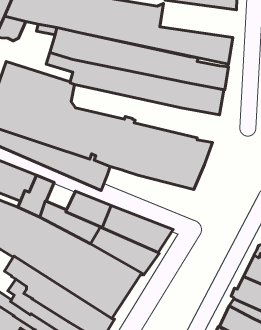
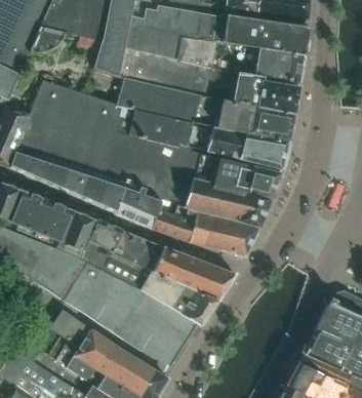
building: none -> [220,13,308,52]
building: none -> [118,107,289,169]
building: none -> [153,205,259,256]
building: none -> [89,220,123,251]

